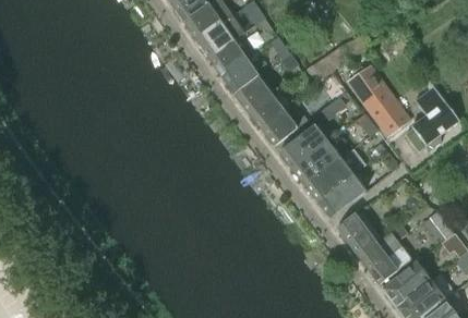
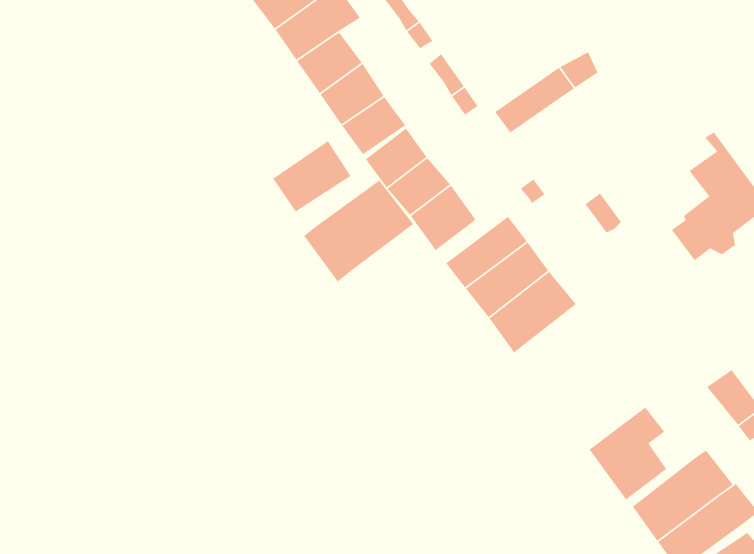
building: [347,65,410,137] -> none
building: none -> [272,140,351,213]
building: none -> [303,180,414,283]
building: [317,171,370,218] -> none
building: [337,215,376,256] -> none

